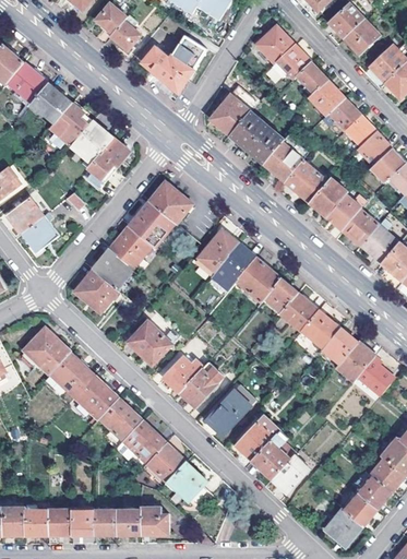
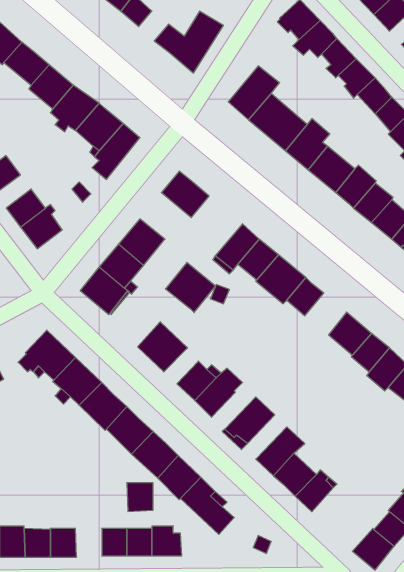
building: [130,202,176,248] -> [165,262,216,313]
building: [279,294,319,333] -> none
building: [71,509,95,535] -> [127,483,153,512]

